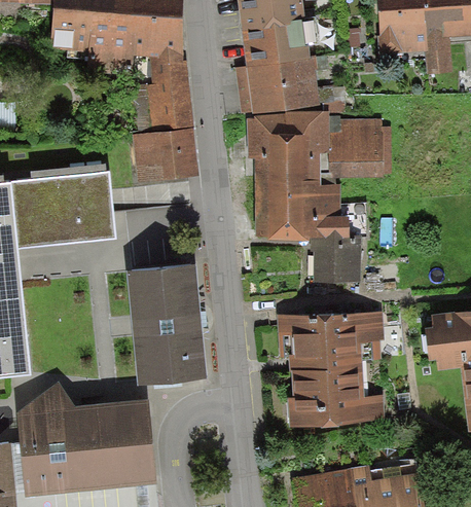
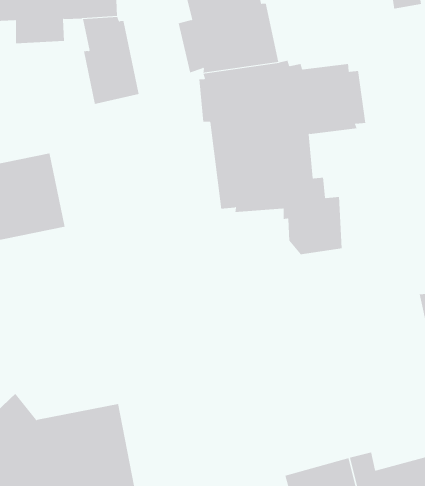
building: [133,126,197,180] -> none
building: [126,265,207,387] -> none
building: [278,309,384,427] -> none

